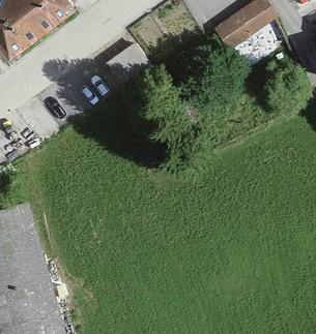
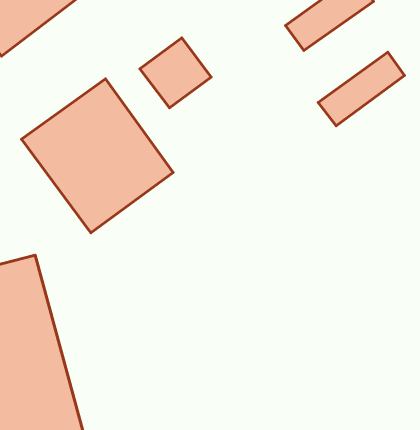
building: none -> [318,52,404,126]
building: none -> [21,79,173,233]

